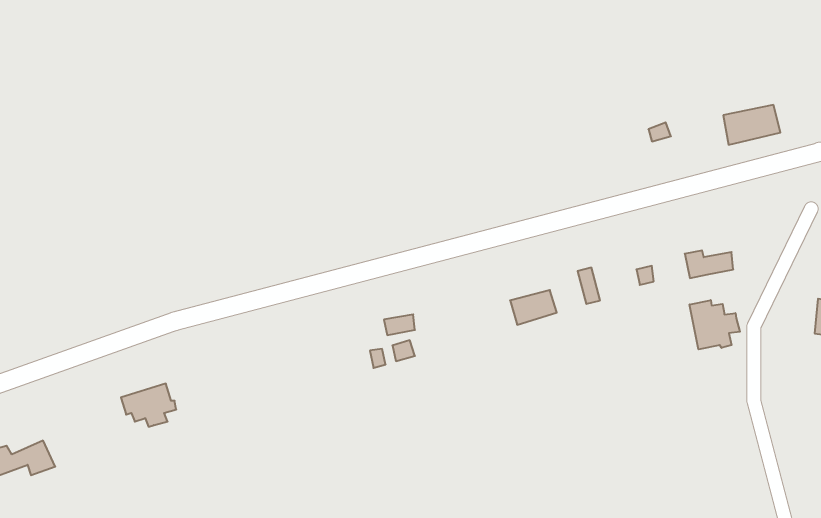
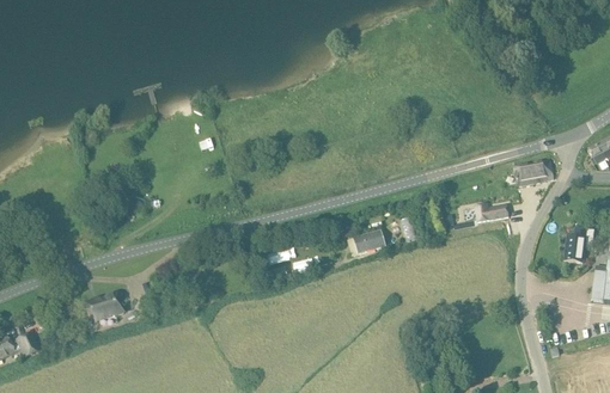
building: [723,105,780,145] -> [514,160,554,188]
building: [690,300,740,349] -> none

